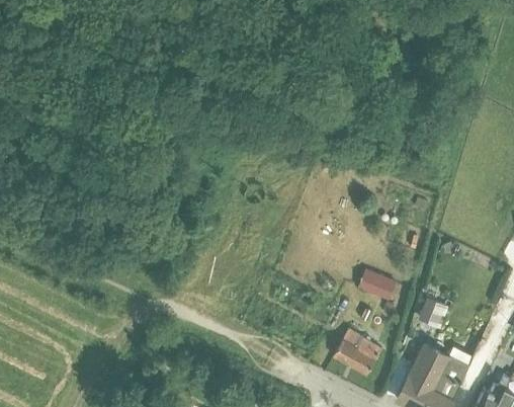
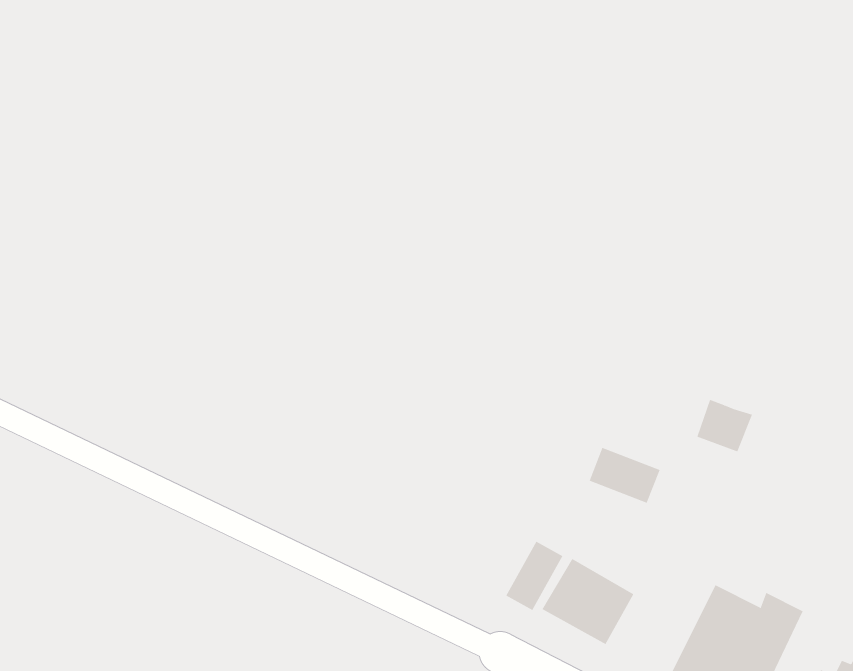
building: [418,299,448,327] -> [696,399,753,452]
building: none -> [506,541,563,611]

